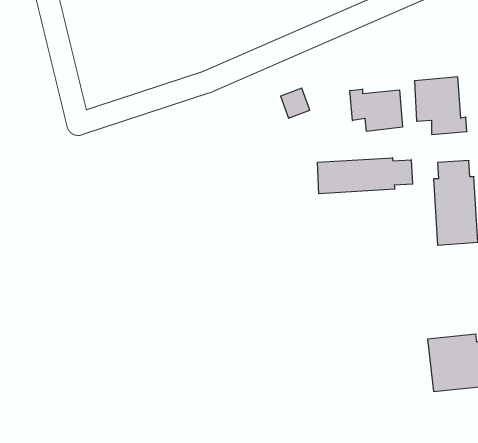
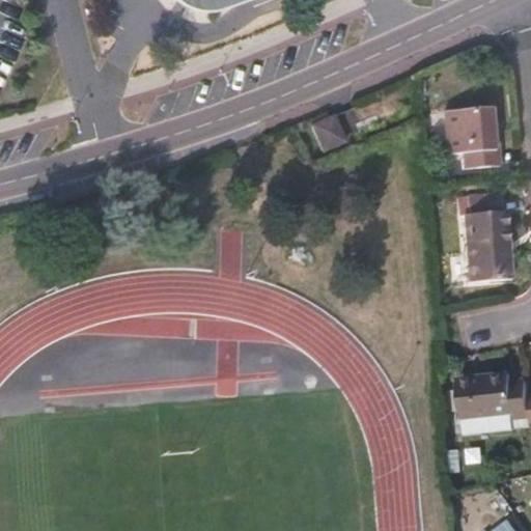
building: [350,89,402,131] -> none
building: [318,158,413,194] -> none

